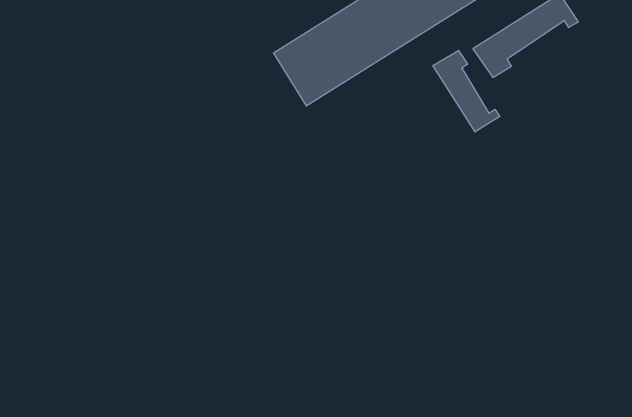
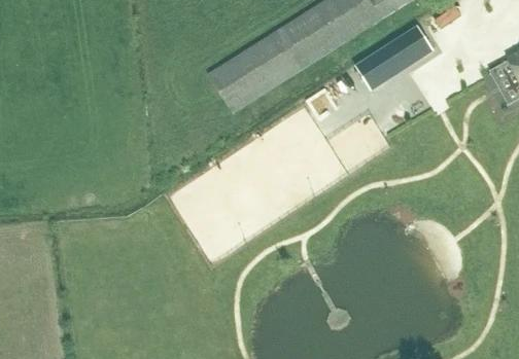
building: [433,50,500,132] -> none

